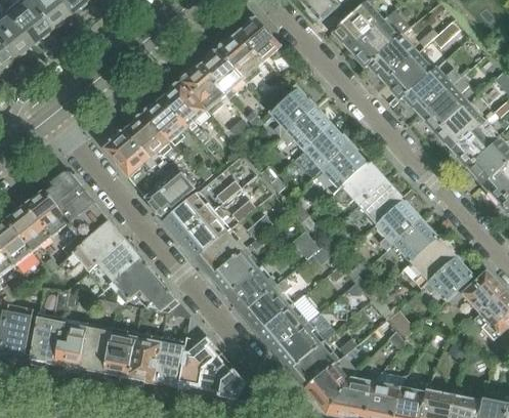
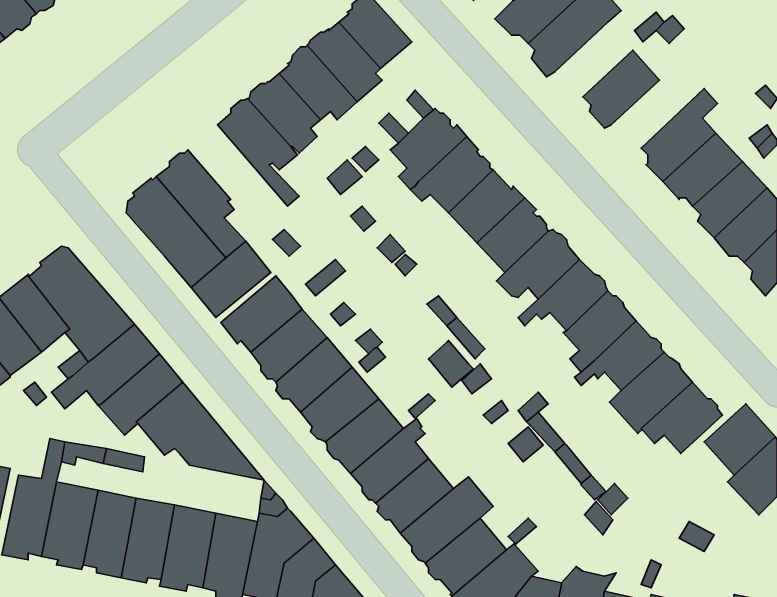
building: [370,34,418,80] -> none
building: [405,67,462,112] -> none
building: [143,97,187,147] -> none

